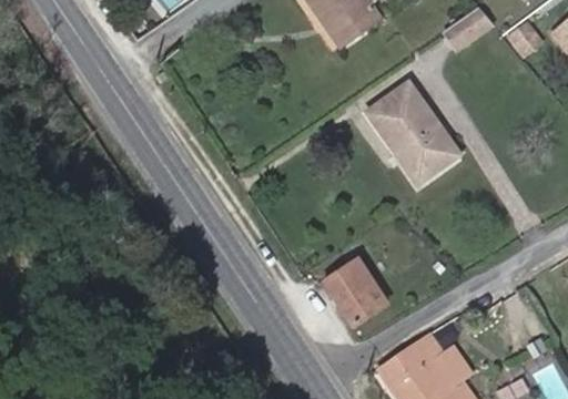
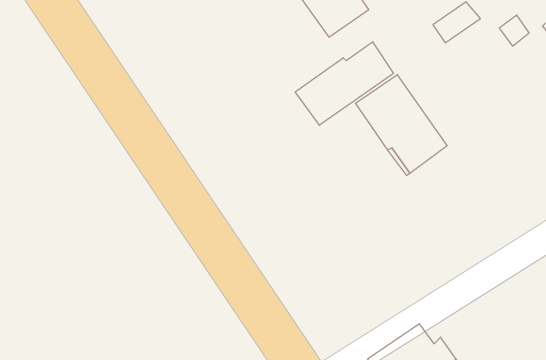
building: none -> [295,42,393,125]
building: [323,259,386,325] -> none

